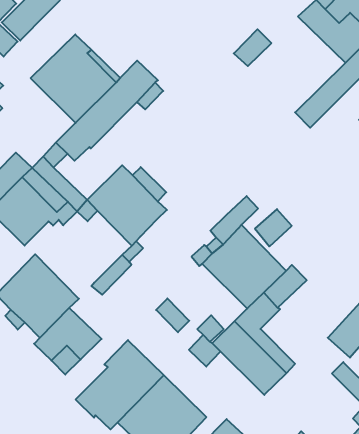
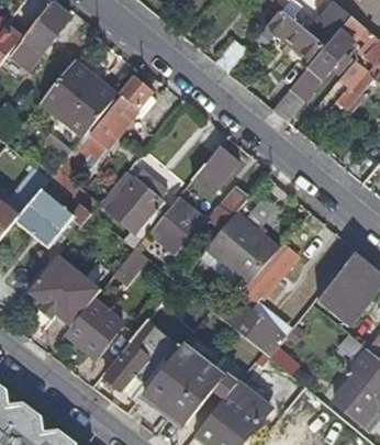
building: none -> [191,145,238,194]
building: none -> [148,199,200,252]

